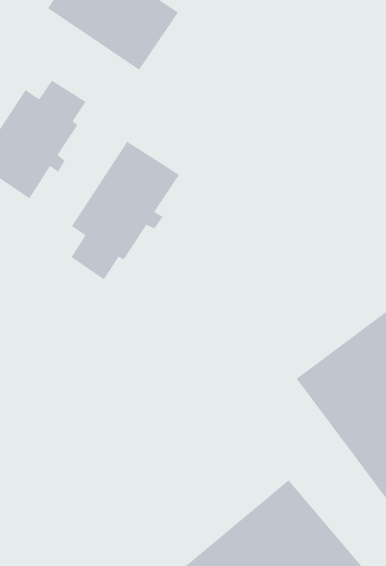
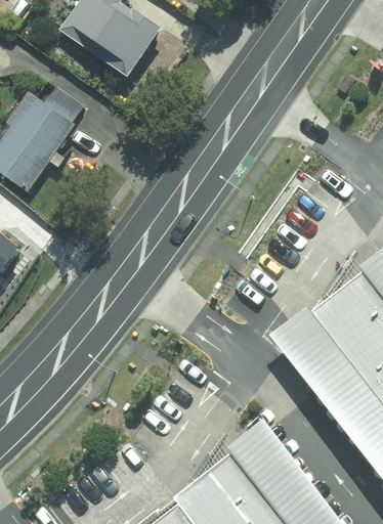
building: [71,141,180,280] -> none

